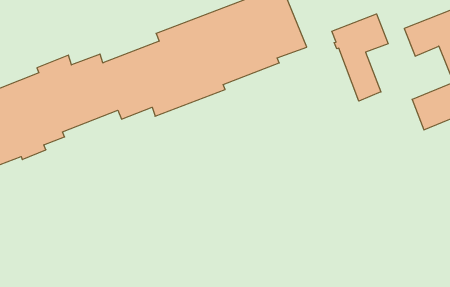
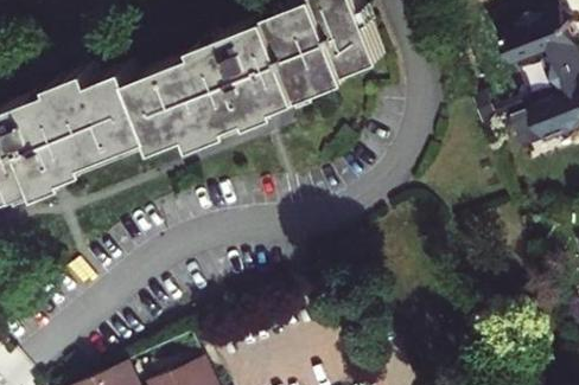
building: [332,14,388,101] -> none

